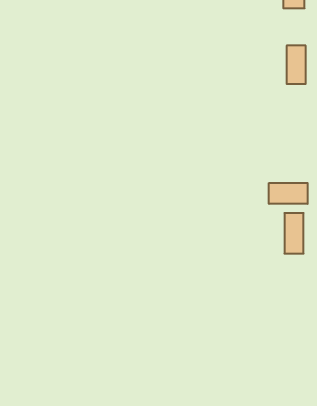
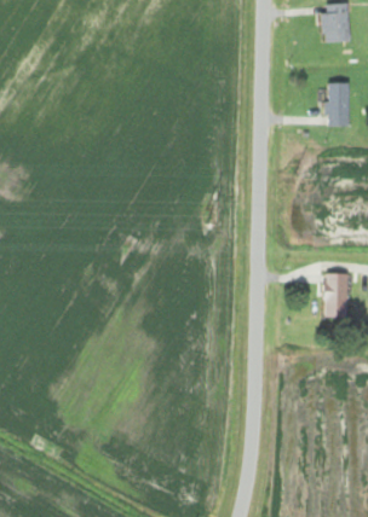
building: [269,183,308,204] -> none

